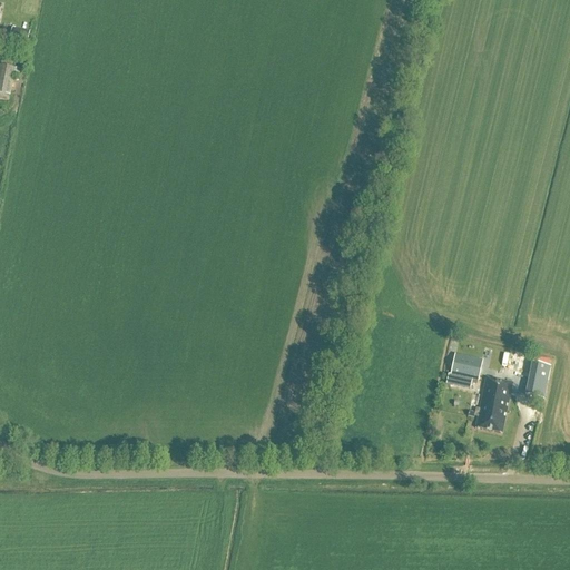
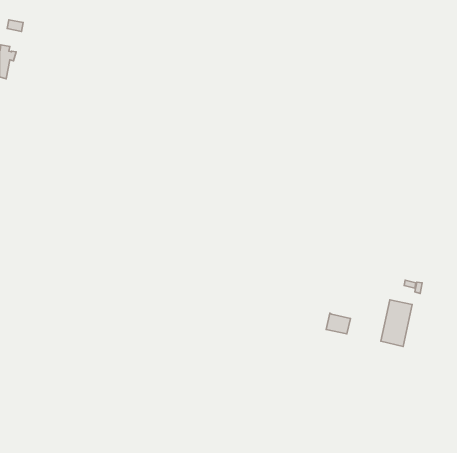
building: [450,351,480,376] -> [326,313,350,334]
building: [524,360,549,395] -> none

